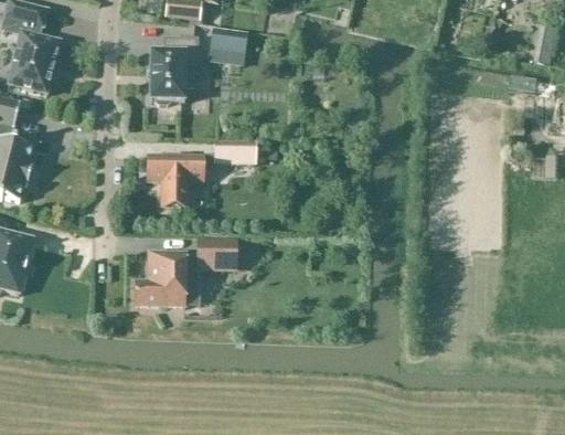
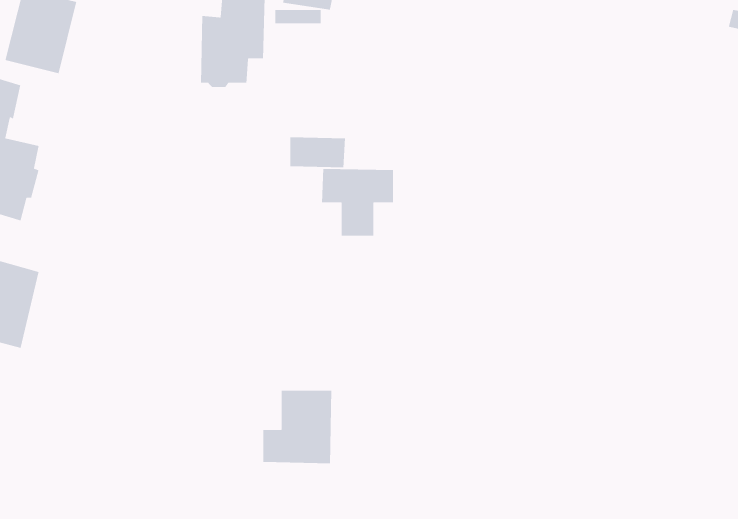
building: [148,155,201,204] -> [321,168,394,236]
building: [199,237,234,261] -> none
building: [135,252,185,306] -> [262,390,332,464]

